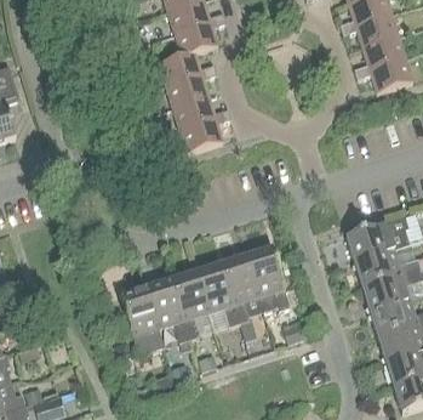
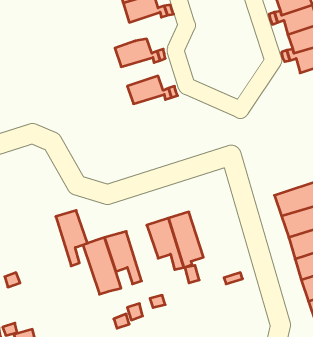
building: [175,22,218,56] -> none
building: [165,75,208,109] -> none
building: [179,119,223,153] -> none
building: [245,249,290,311] -> none
building: [171,273,208,339] -> [56,210,88,266]

